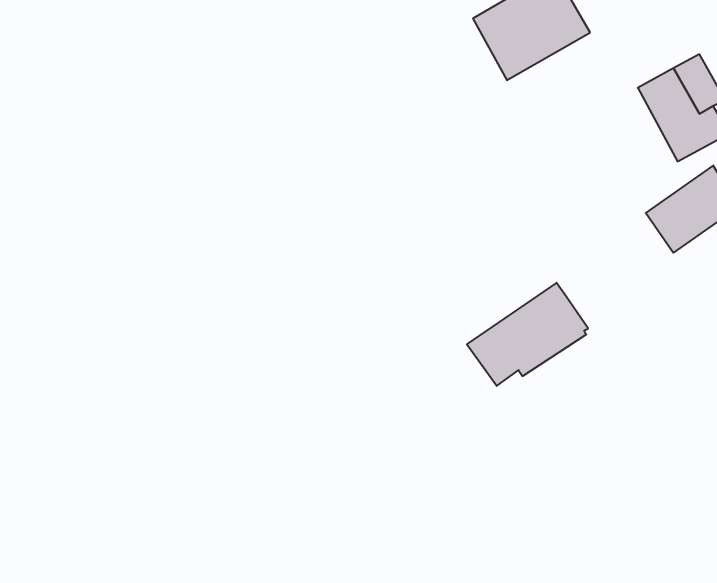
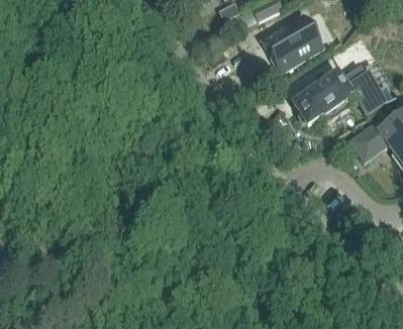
building: [467,283,588,386] -> [293,71,355,123]

